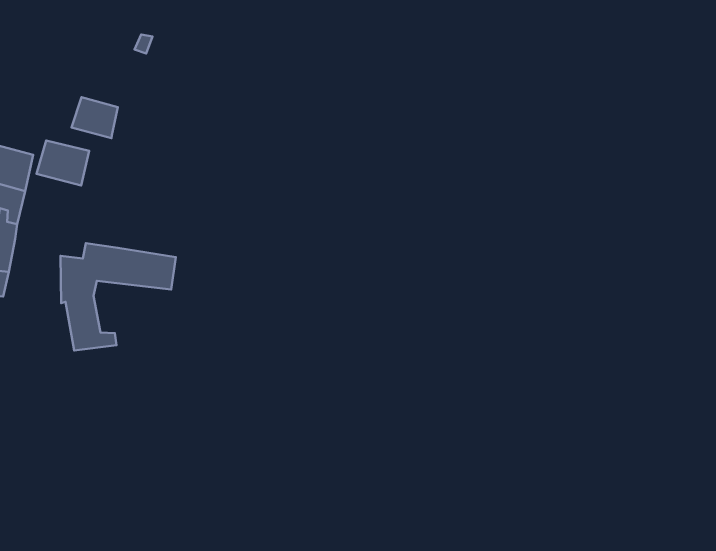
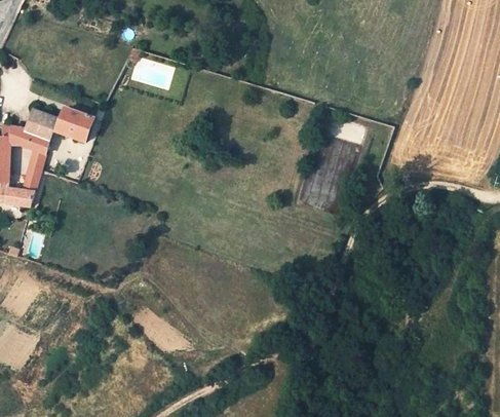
building: [71,97,118,138] -> none
building: [61,243,176,351] -> none

